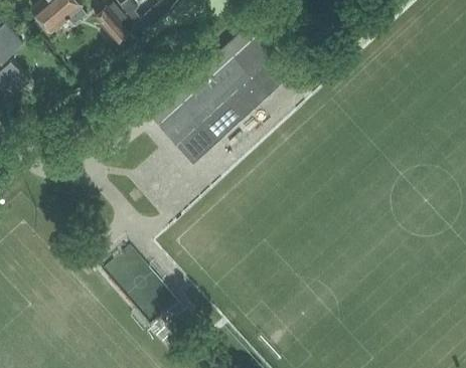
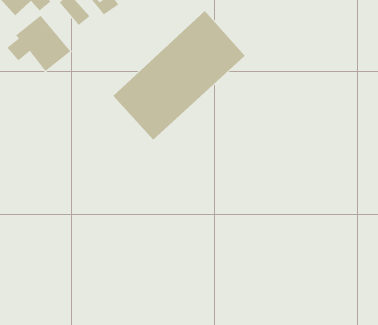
building: none -> [7,15,71,72]

